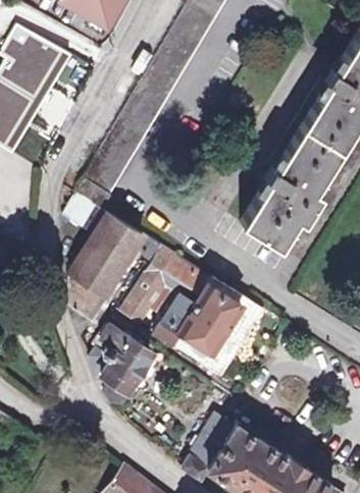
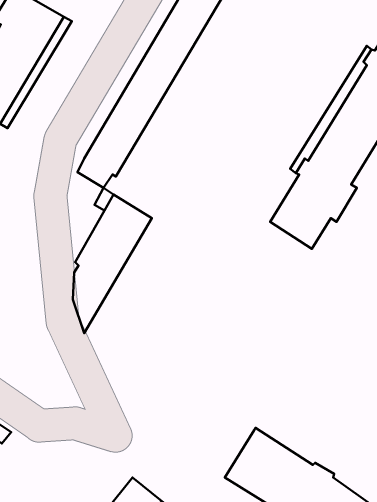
building: [117,242,259,373] -> none
building: [109,330,157,403] -> none
building: [183,412,234,476] -> none

